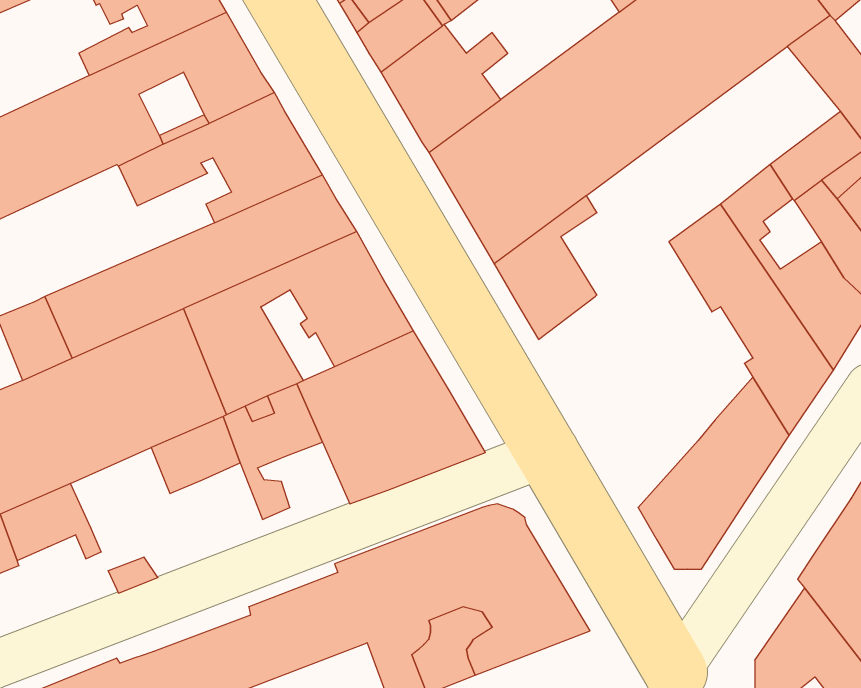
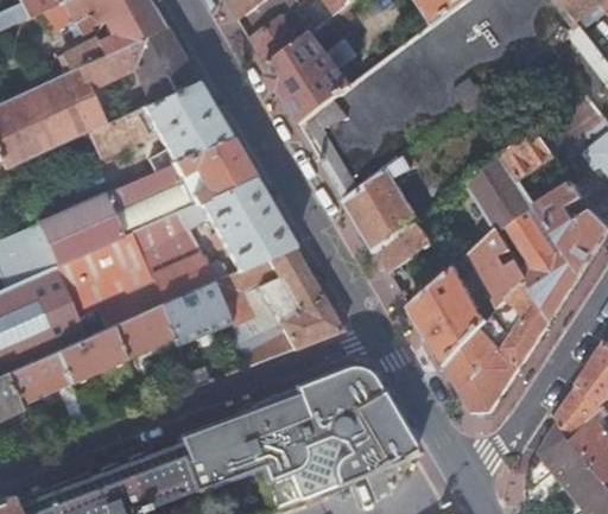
building: none -> [379,223,432,273]
building: none -> [470,234,527,309]
building: none -> [411,269,489,369]
building: none -> [55,328,124,383]

